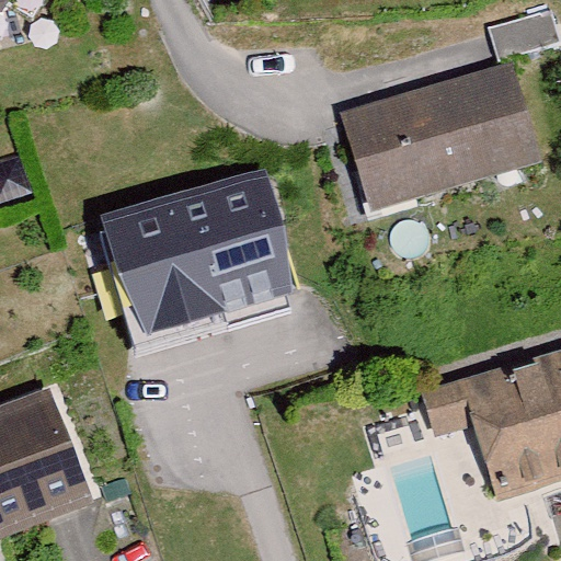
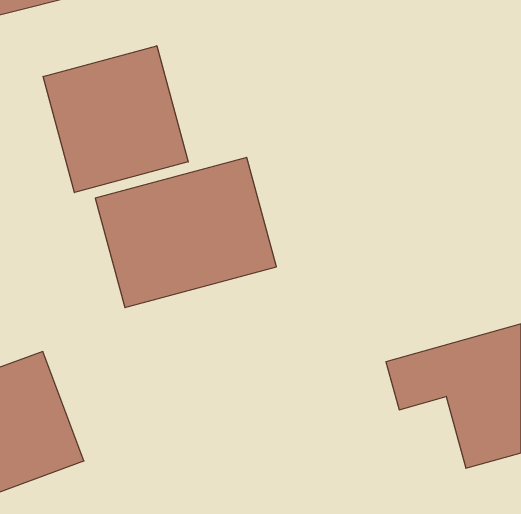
building: none -> [43,46,188,193]
building: [344,60,550,219] -> none

